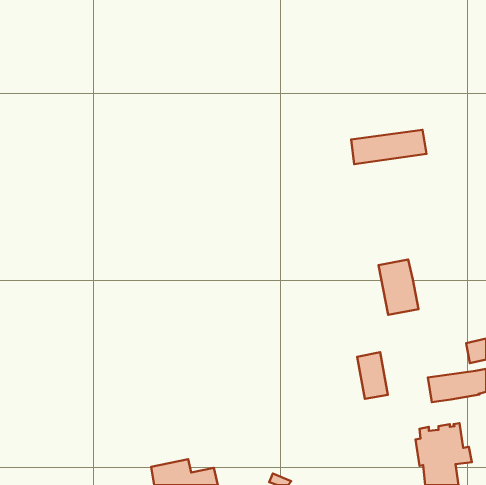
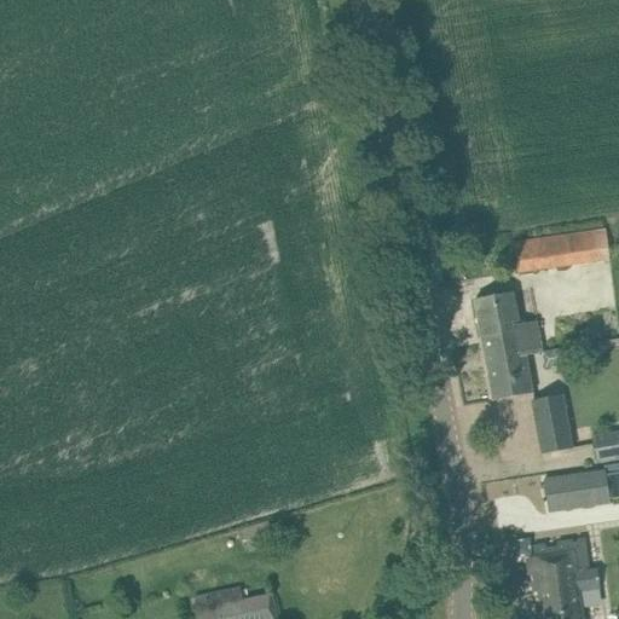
building: [351,130,426,164] -> [514,228,609,272]
building: none -> [474,291,543,355]
building: [357,352,388,399] -> [532,394,571,453]

